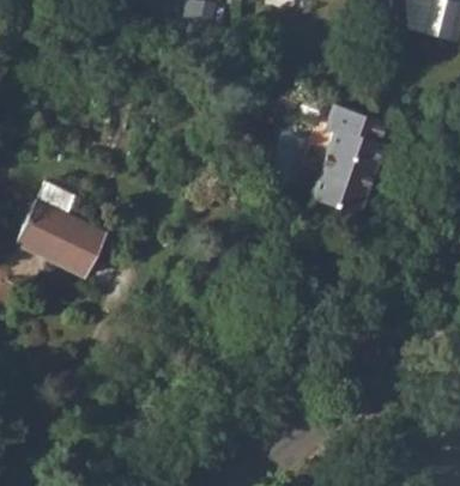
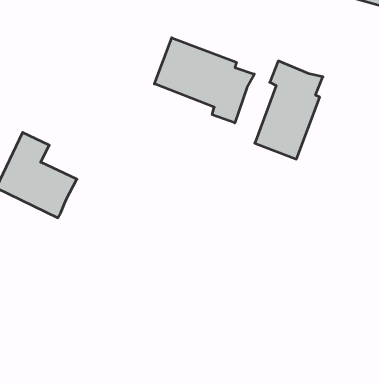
building: none -> [154,38,254,123]

